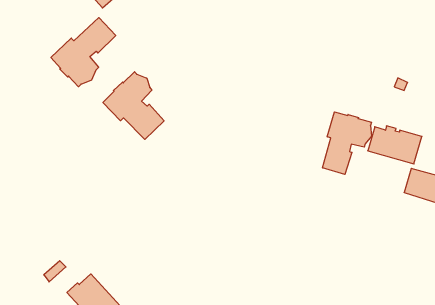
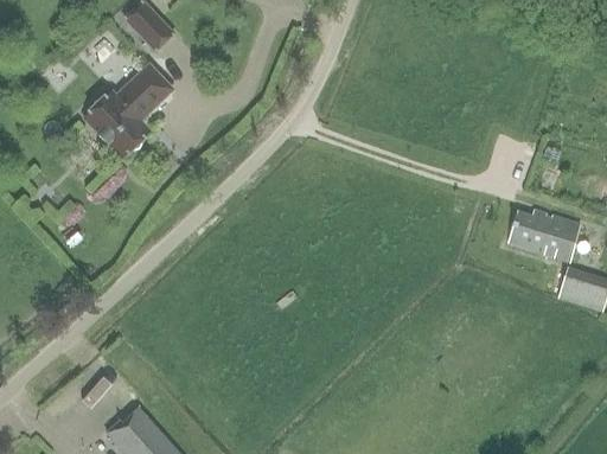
building: [103,72,164,139] -> none
building: [323,112,371,174] -> none

